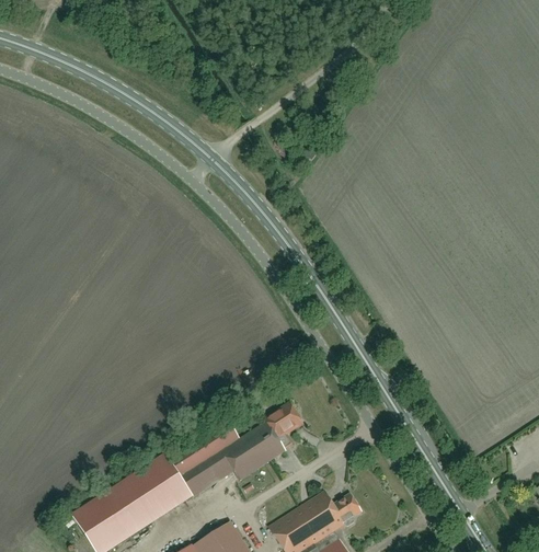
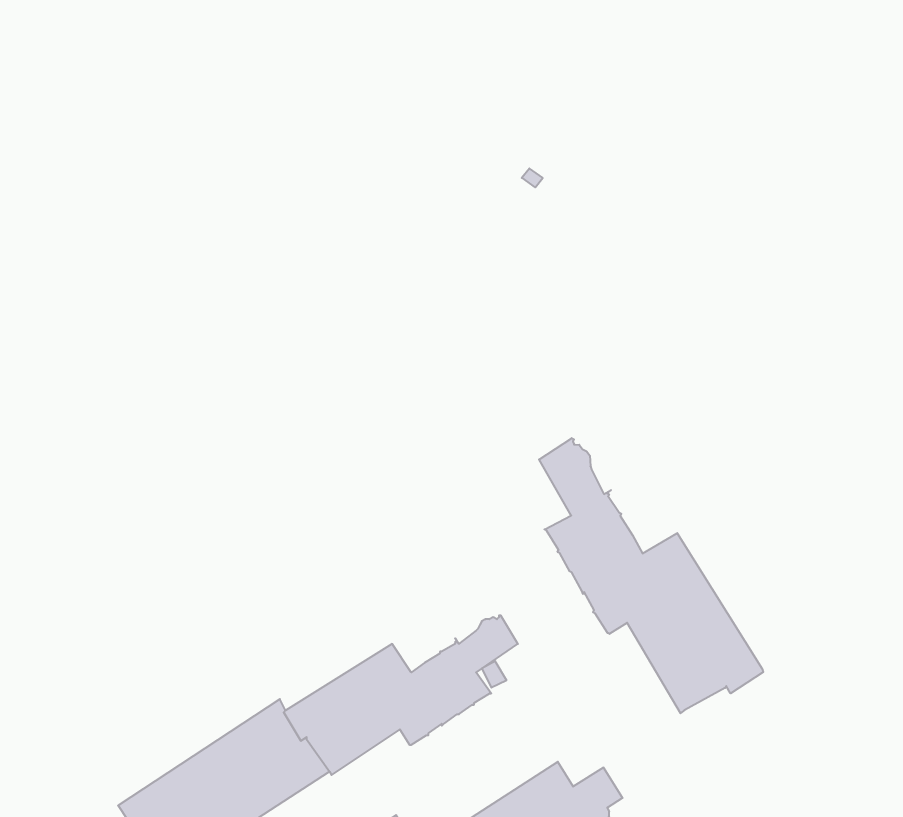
building: none -> [539,438,763,713]

